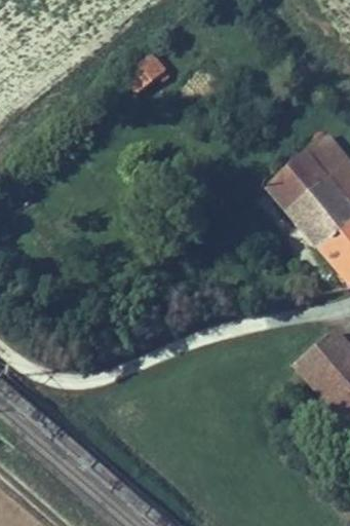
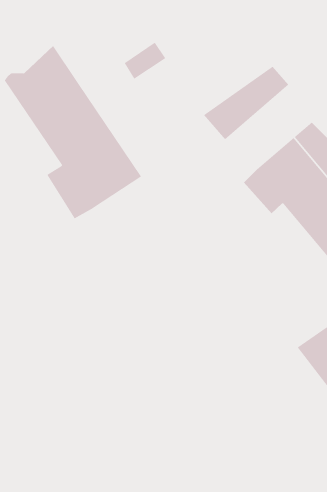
building: none -> [4,45,142,219]
building: none -> [203,66,289,140]

